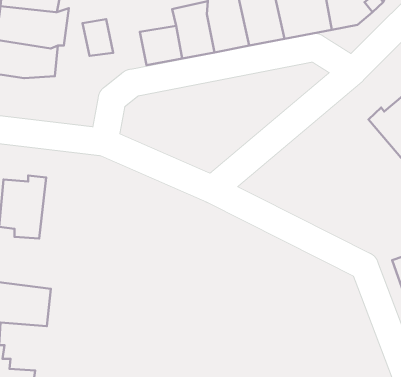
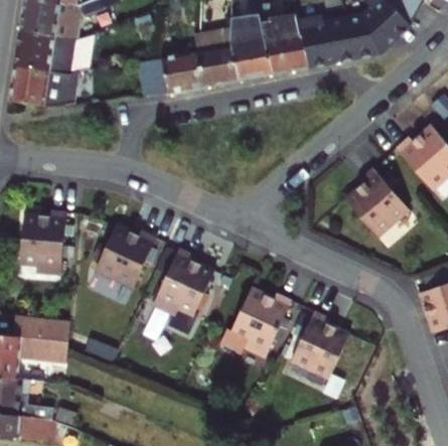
building: [83,19,113,56] -> [138,59,169,97]
building: none -> [345,168,410,238]
building: none -> [94,226,155,288]
building: none -> [151,249,213,316]
building: none -> [218,289,292,358]
building: none -> [290,311,349,379]

